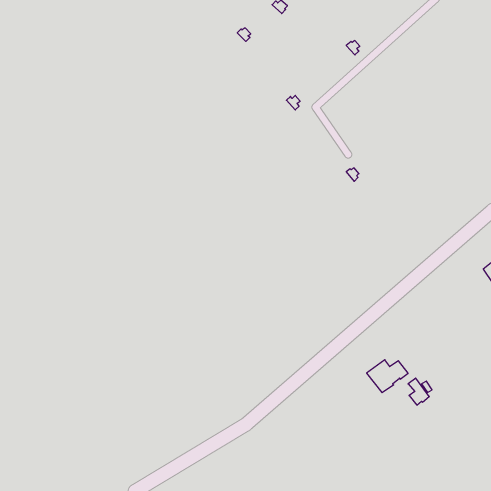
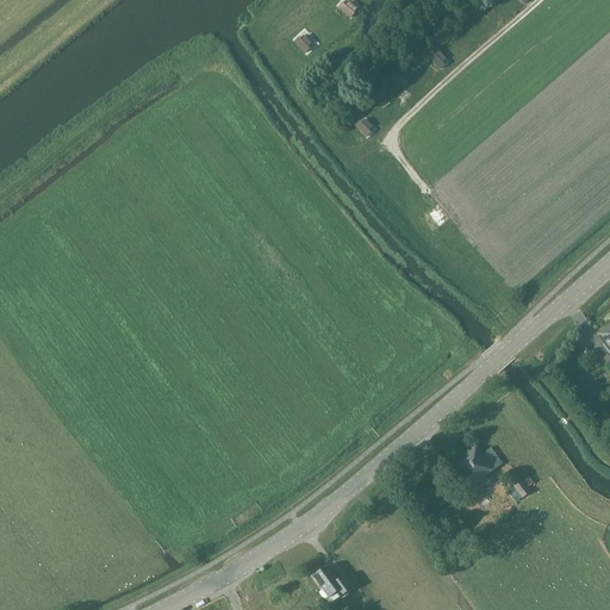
building: none -> [315,564,355,597]

